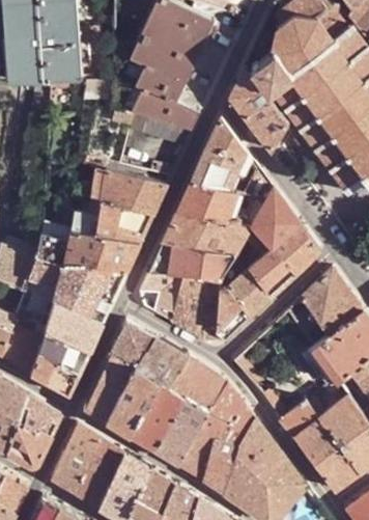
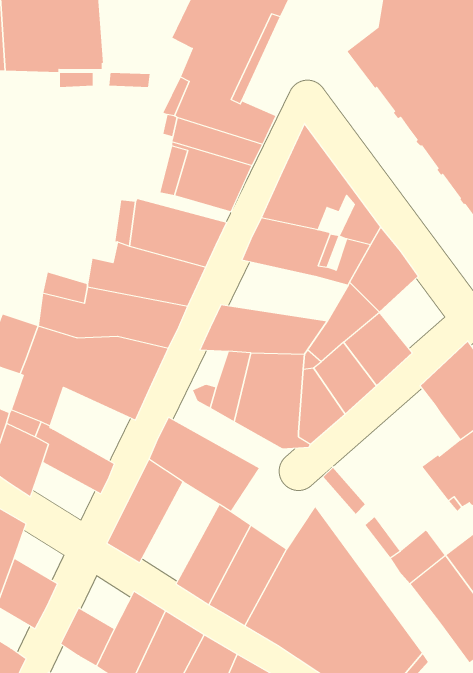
building: [229,66,289,154] -> none
building: [163,212,251,254] -> none
building: [273,223,320,276] -> none
building: [45,300,104,353] -> none
building: [31,352,80,398] -> none
building: [170,356,228,412] -> none
building: [107,365,162,436] -> none
building: [20,394,61,436] -> none
building: [64,426,103,467] -> none

